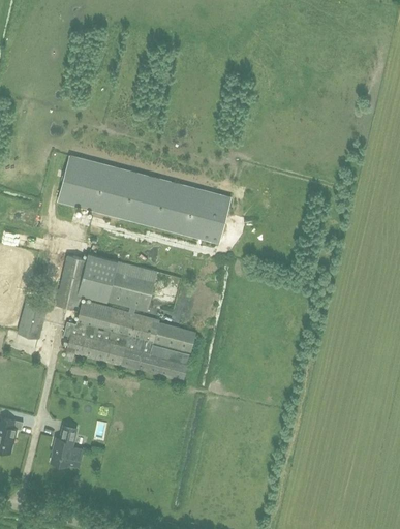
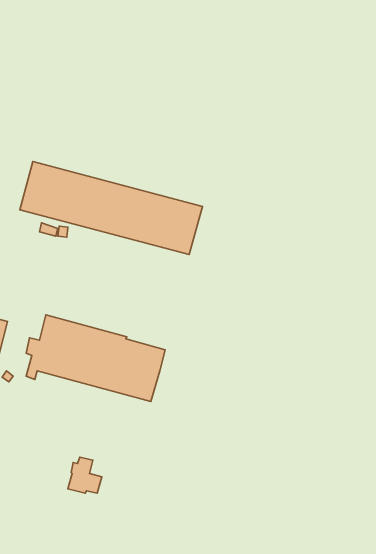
building: [57,253,157,311] -> none
building: [51,432,83,466] -> [68,457,102,493]

